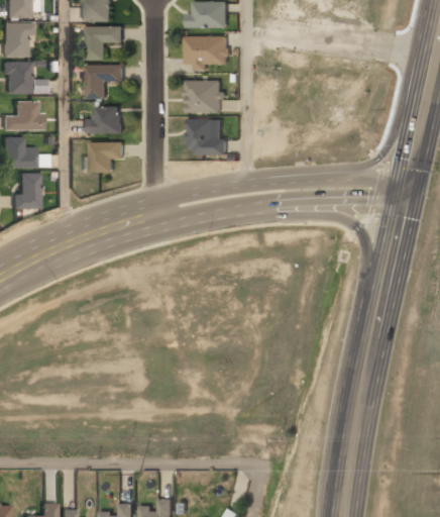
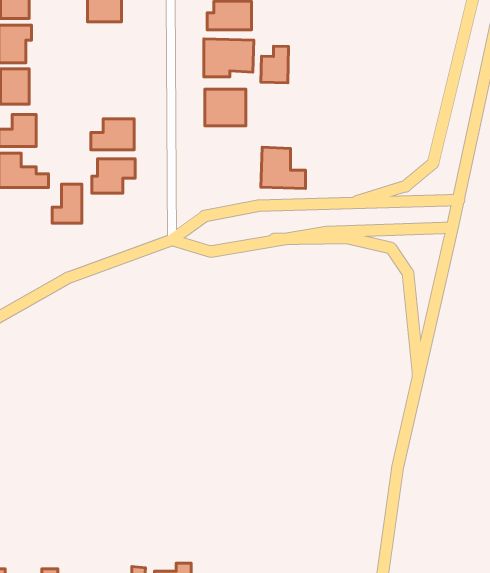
building: [86,26,124,60] -> none
building: none -> [261,46,289,83]
building: [86,65,124,98] -> none
building: [188,118,227,154] -> [261,147,305,188]
building: [13,173,39,207] -> [52,184,82,223]

